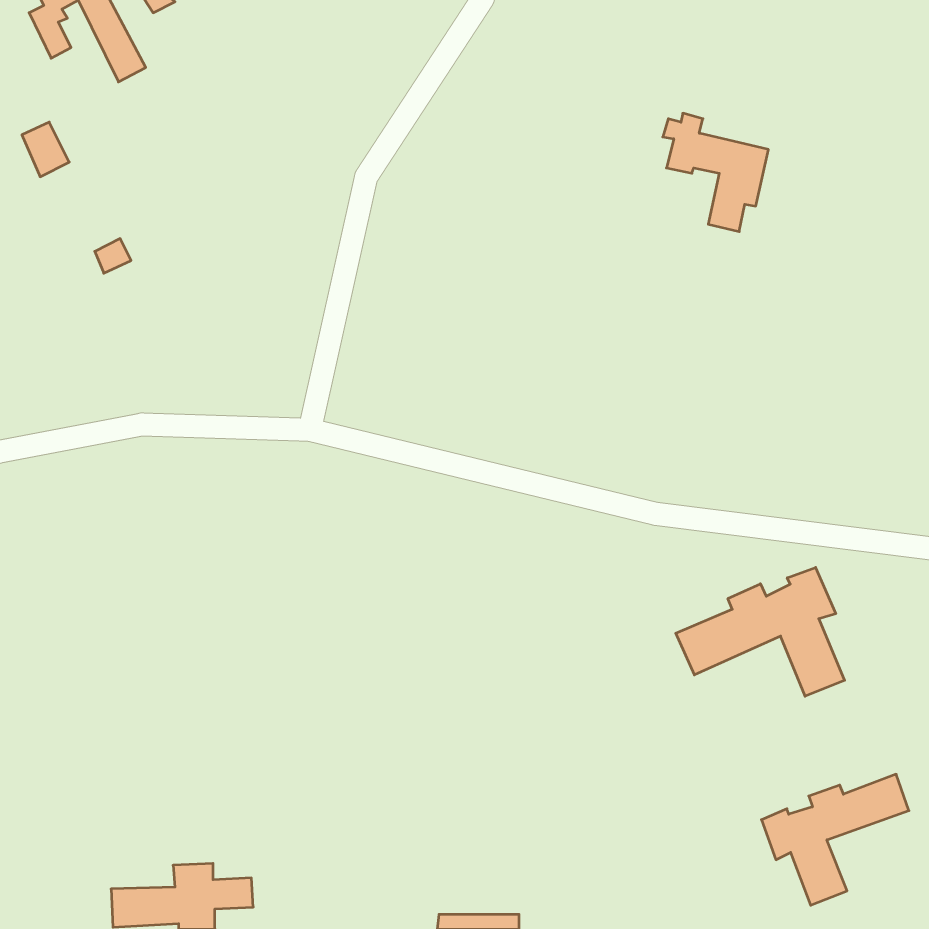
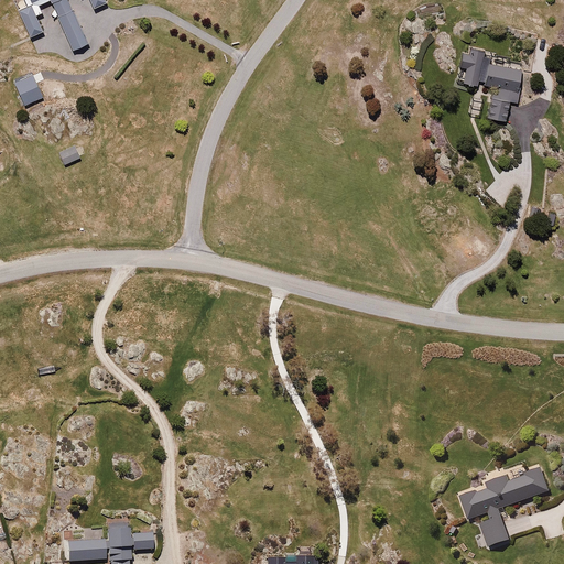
building: [663,113,768,232] -> [458,47,522,119]
building: [676,567,845,696] -> none

